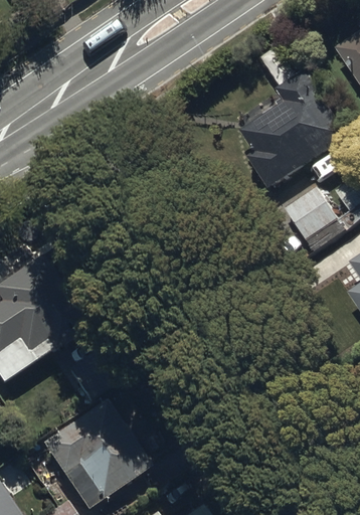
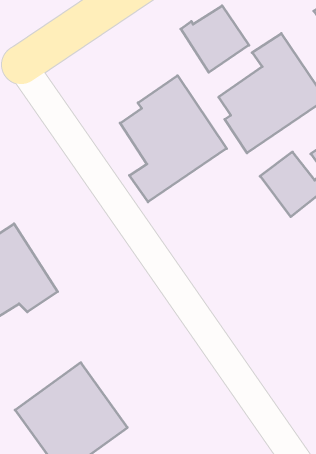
building: none -> [181,6,249,72]
building: none -> [120,76,227,202]

